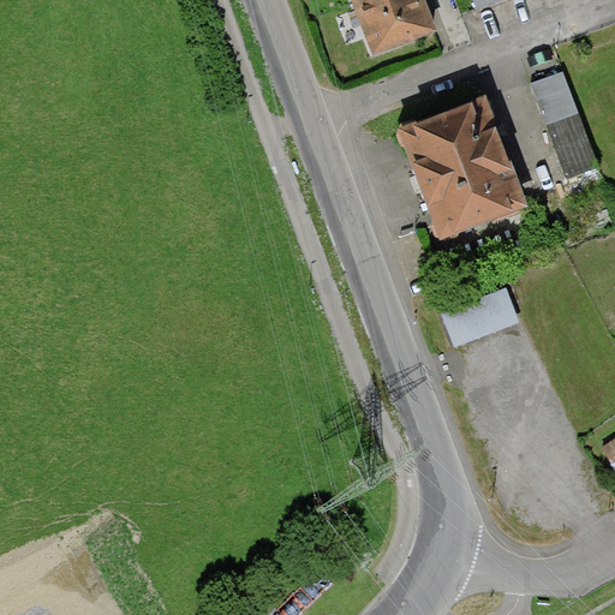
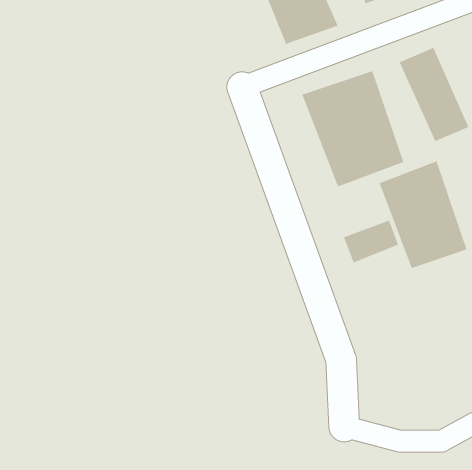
building: none -> [379,161,467,269]

